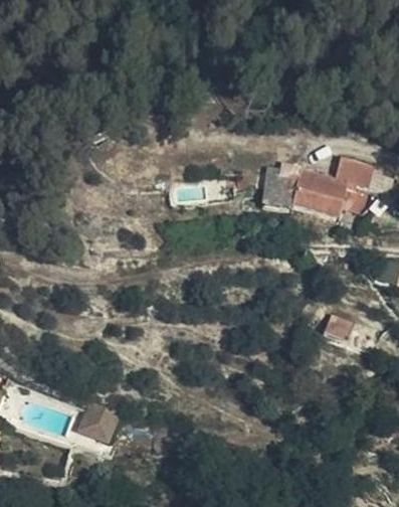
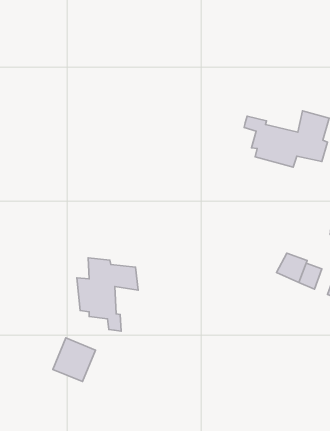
building: [266,163,296,206] -> none
building: none -> [77,258,138,331]

